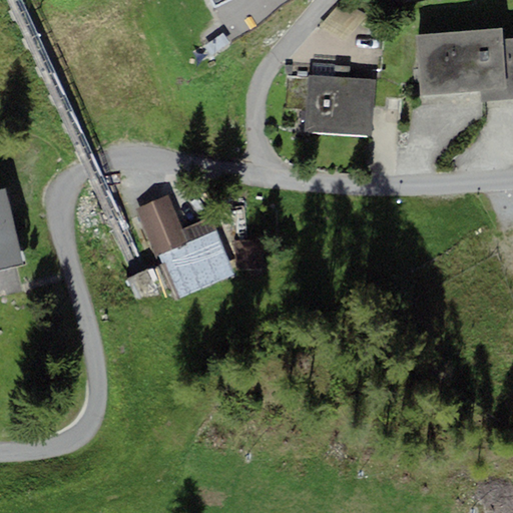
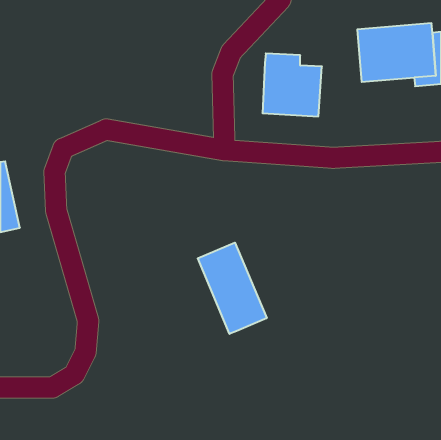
building: [137,194,233,299] -> none
building: none -> [198,243,267,334]

